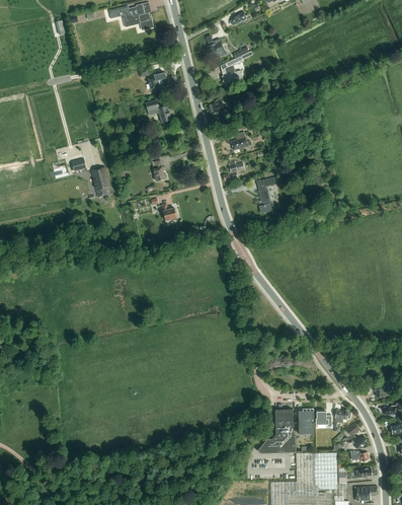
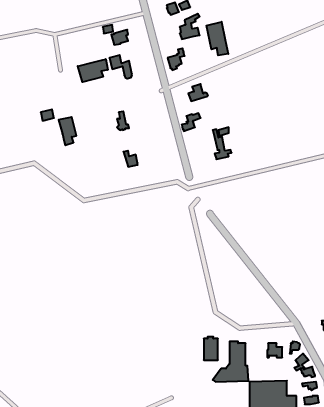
building: none -> [206,22,228,55]
building: none -> [78,59,108,82]
building: [298,408,313,433] -> [204,337,218,360]

